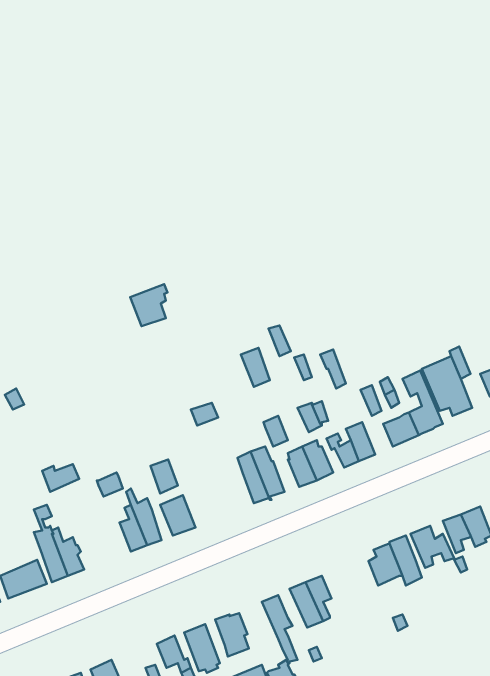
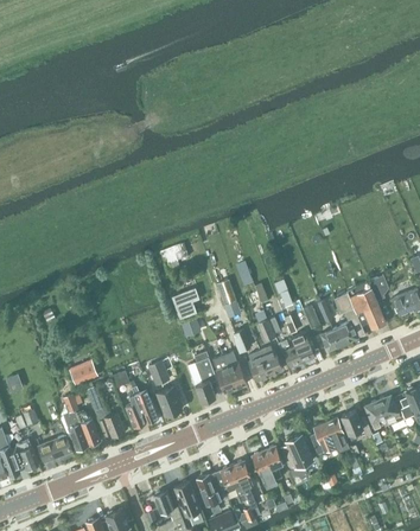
building: [130,284,167,326] -> [171,289,198,320]
building: none -> [195,351,218,402]
building: none -> [88,386,125,437]
building: none -> [281,433,312,479]
building: none -> [215,465,247,504]

